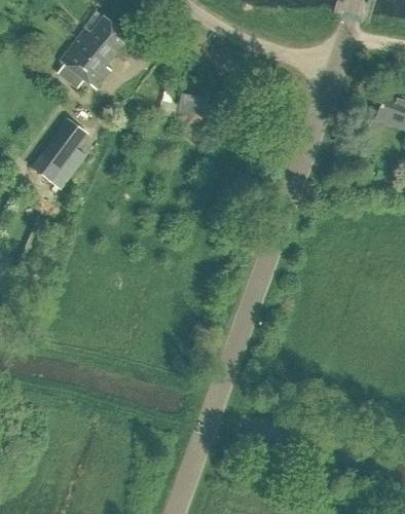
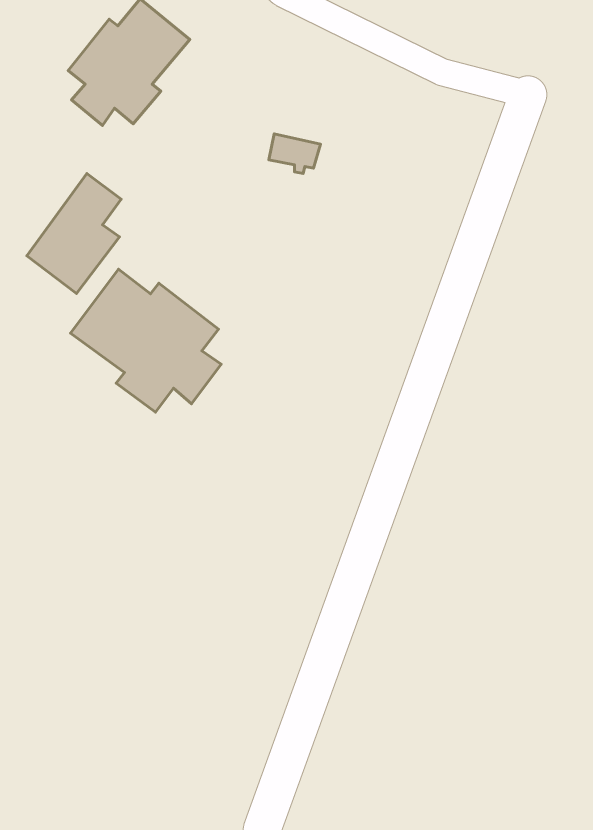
building: none -> [71,269,221,412]

